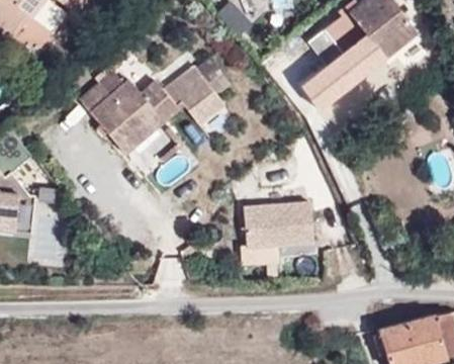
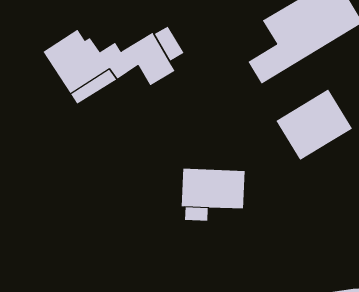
building: none -> [276,89,353,161]

